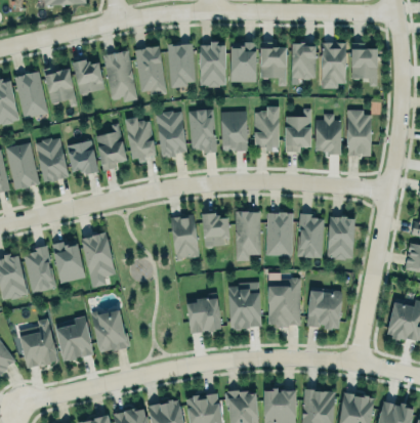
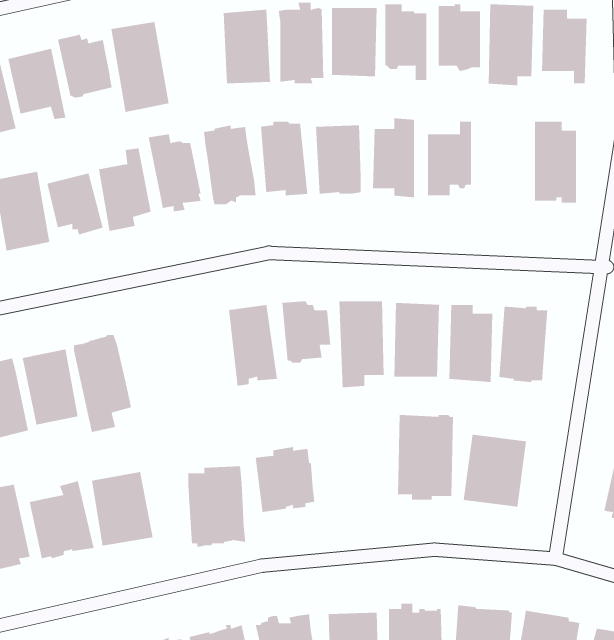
building: [134,45,166,94] -> none
building: [314,115,341,155] -> none
building: [228,282,262,329] -> [187,466,246,548]

